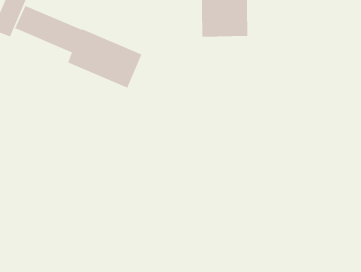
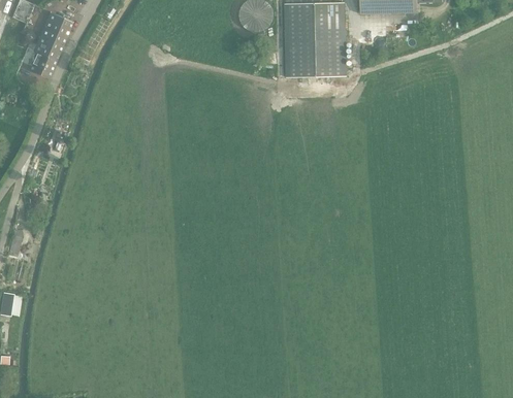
building: [15,5,142,88] -> none

